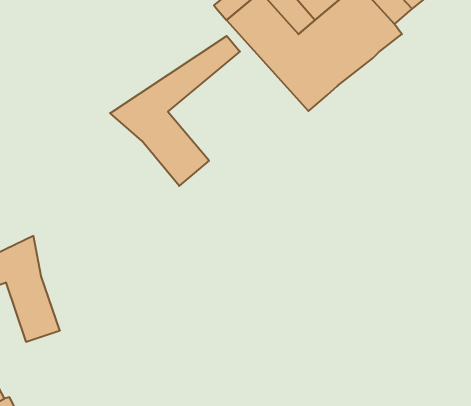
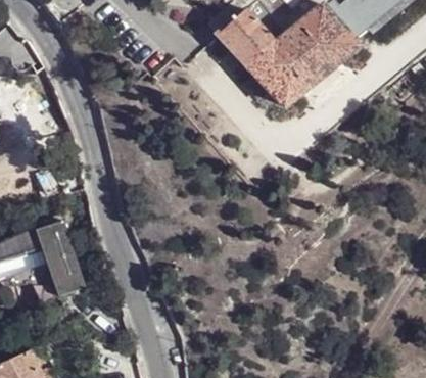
building: [110,36,240,186] -> none

